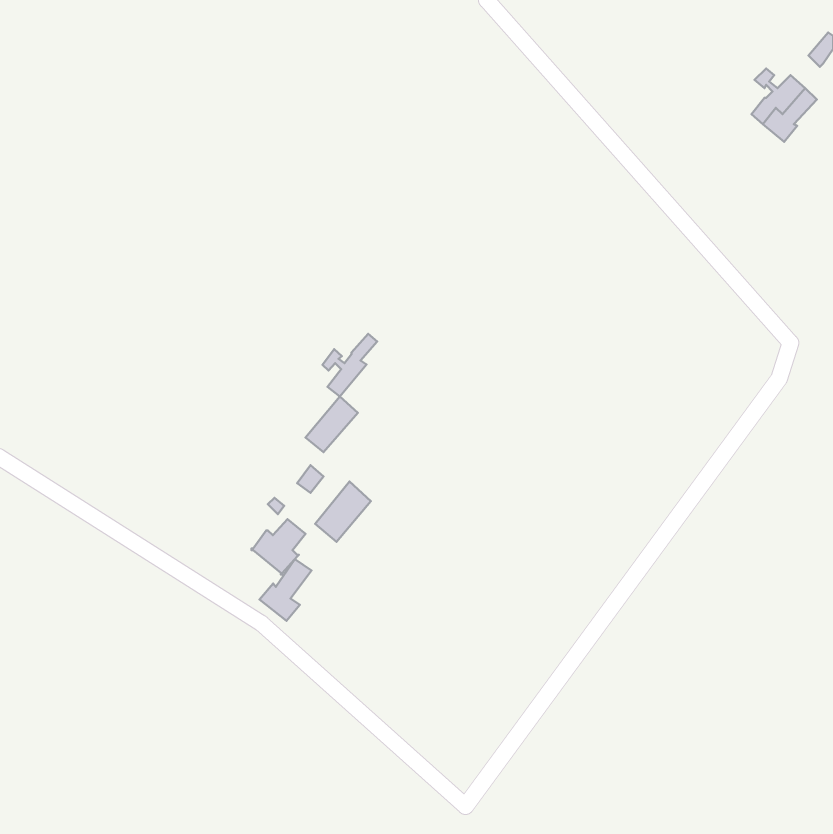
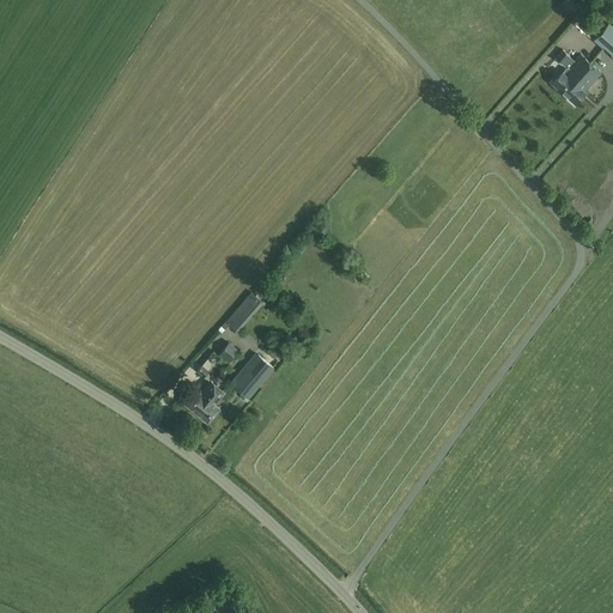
building: [322,334,377,397] -> none
building: [260,559,311,621] -> none

